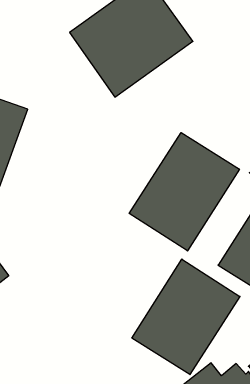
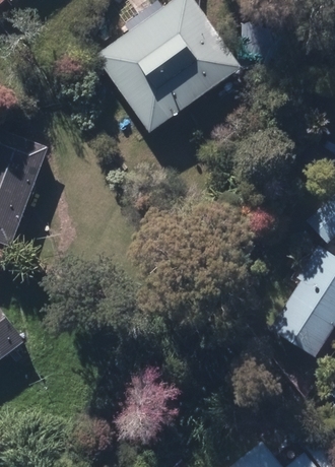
building: [129,133,239,251] -> none
building: [132,259,240,375] -> none

